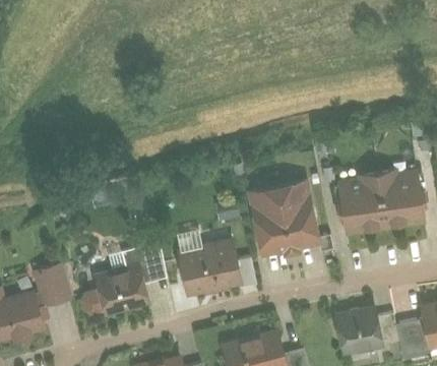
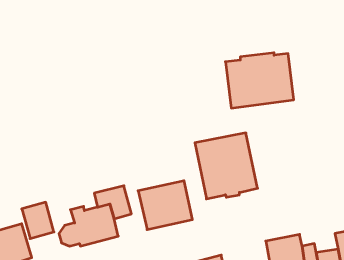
building: [338,167,423,235] -> [225,53,294,108]

